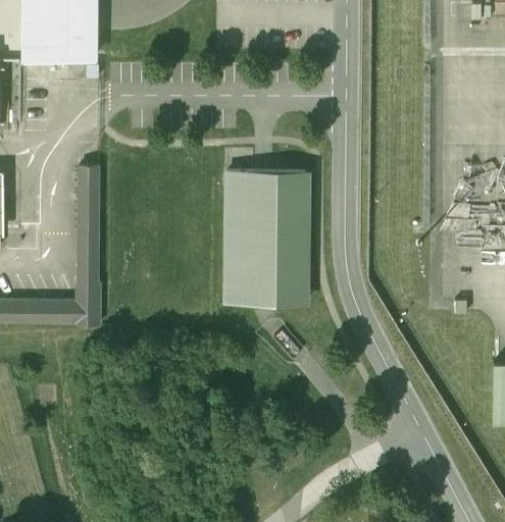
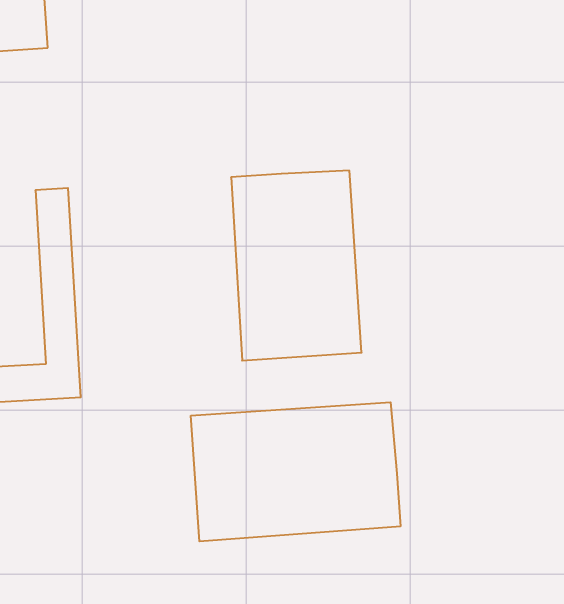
building: none -> [191,402,400,541]

